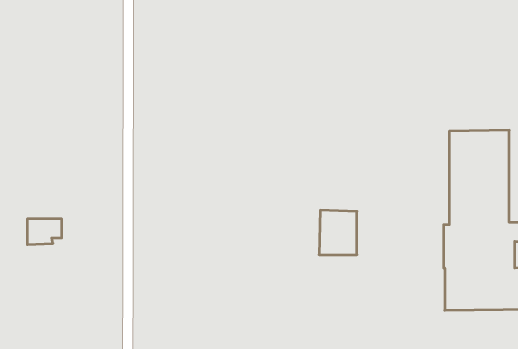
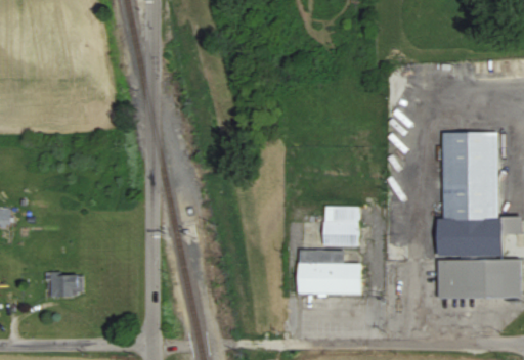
building: [27,219,62,245] -> [50,274,82,298]
building: none -> [297,250,360,296]

